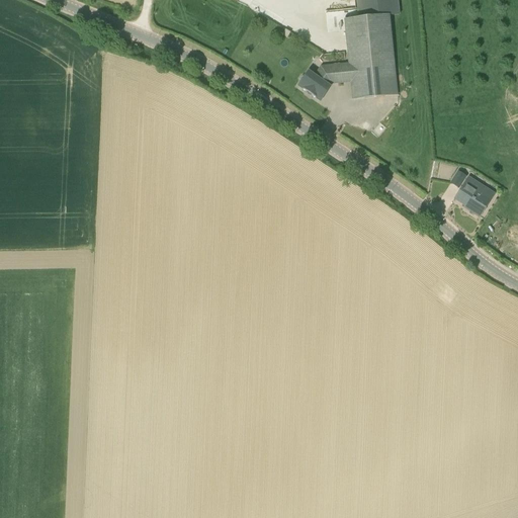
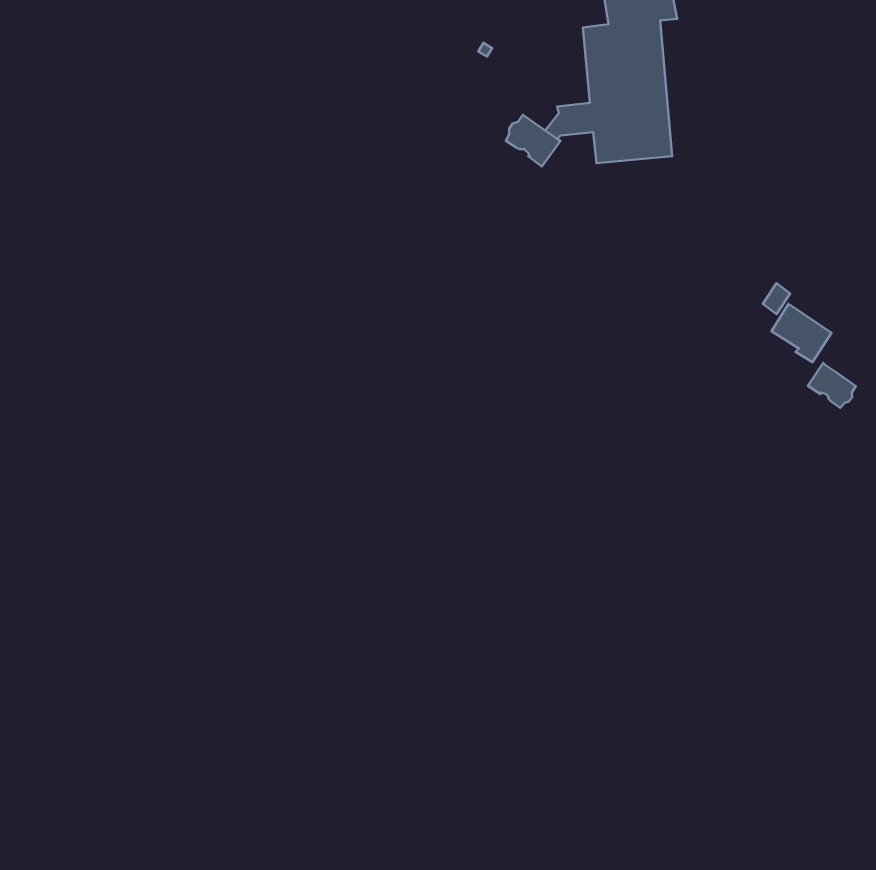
building: none -> [808,363,856,408]

